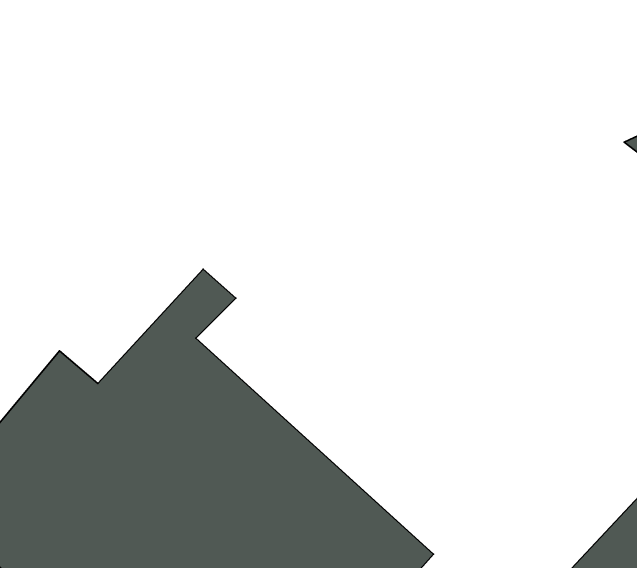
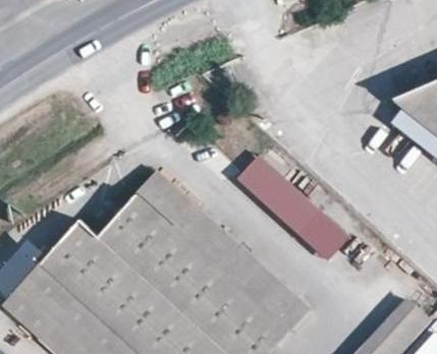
building: none -> [238,155,353,262]
building: none -> [152,191,307,335]

